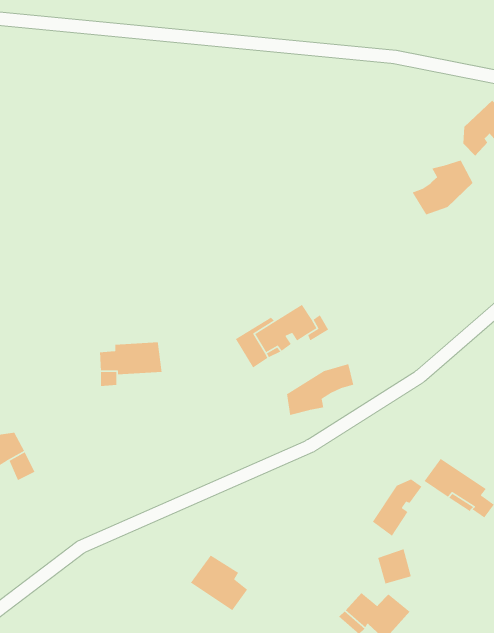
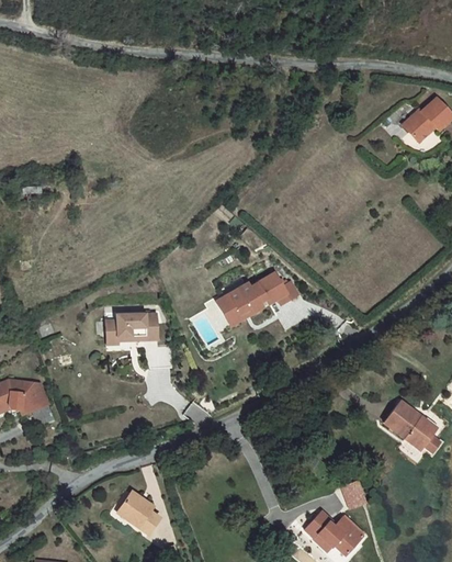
building: [412,159,474,216] -> none
building: [286,363,354,416] -> none
building: [372,478,423,537] -> none
building: [190,554,248,611] -> [116,488,166,537]

